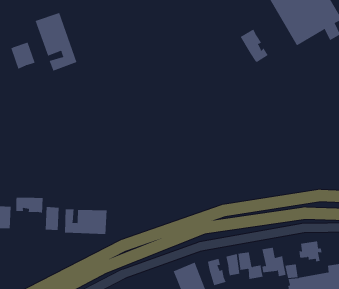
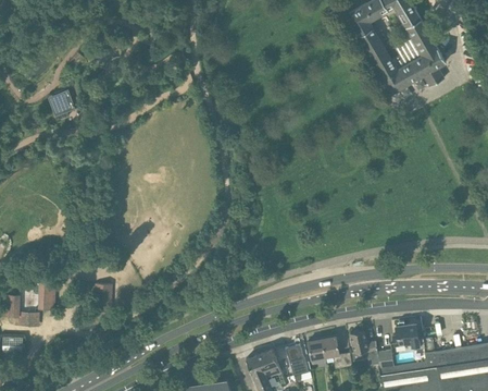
building: [35,12,77,71] -> none
building: [240,28,269,63] -> none
building: [16,197,43,213] -> none
building: [65,209,107,235] -> none

